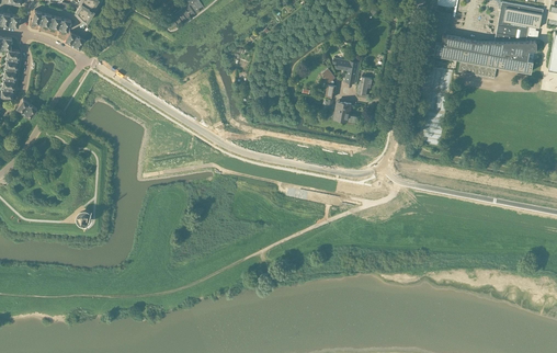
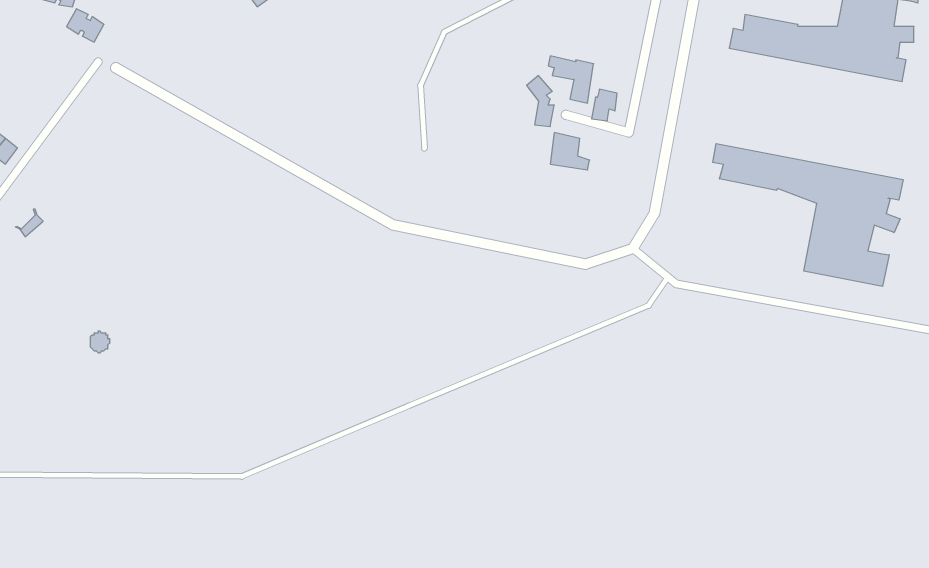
building: none -> [713,144,903,286]

